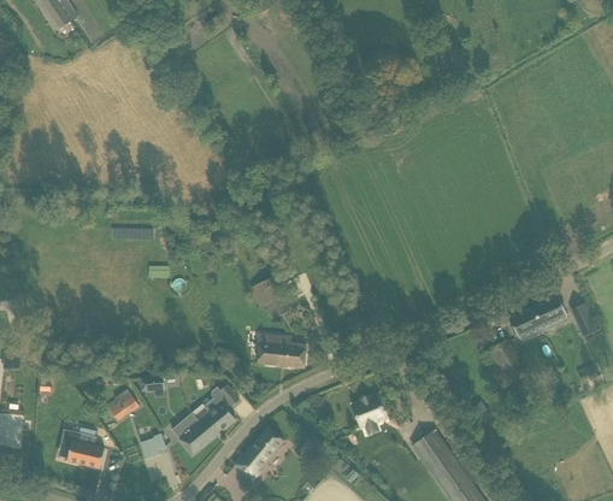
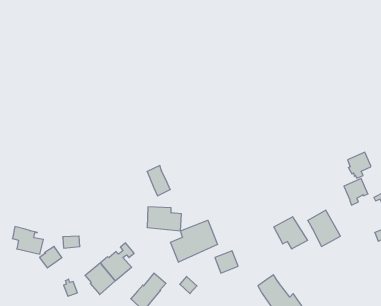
building: [511,305,543,341] -> [348,152,371,178]
building: none -> [274,217,308,249]
building: none -> [171,220,217,262]
building: [63,429,106,467] -> [12,227,43,254]

